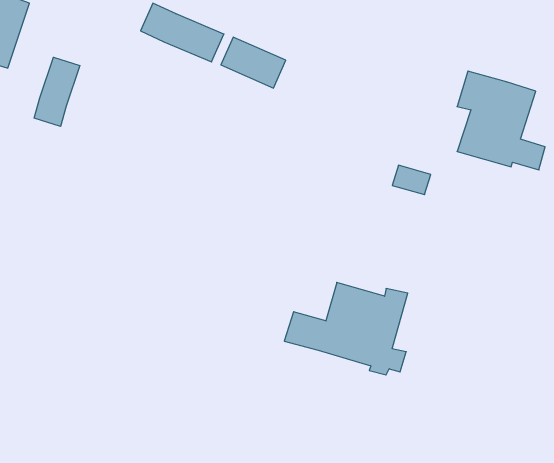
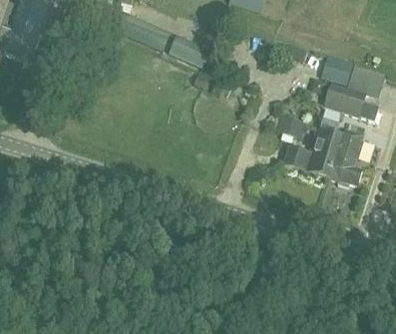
building: [34,57,80,126] -> none
building: [284,282,408,375] -> [283,126,363,187]

